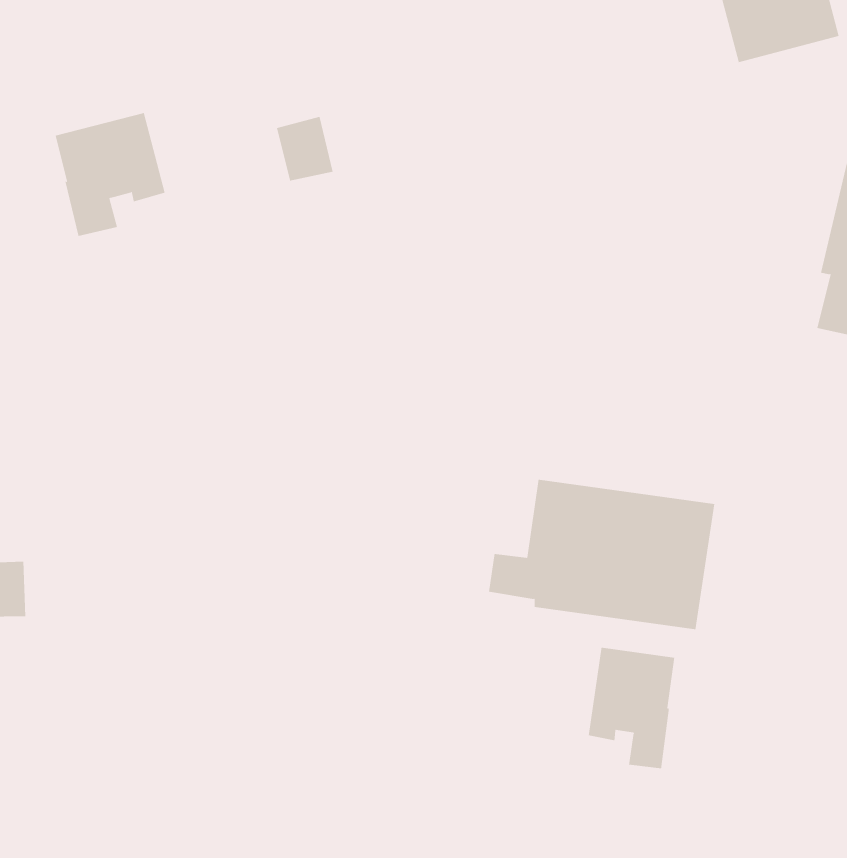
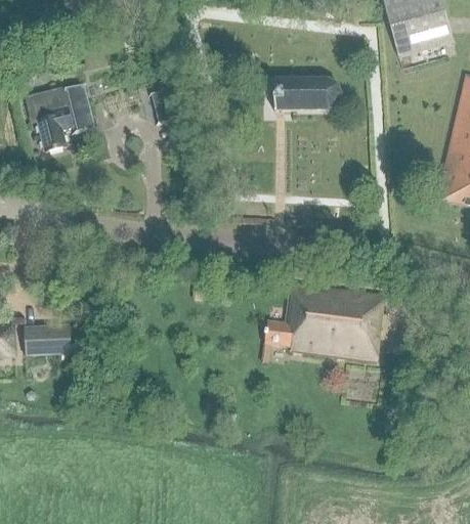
building: none -> [275,78,343,111]
building: none -> [23,329,70,356]
building: [588,647,675,769] -> none

